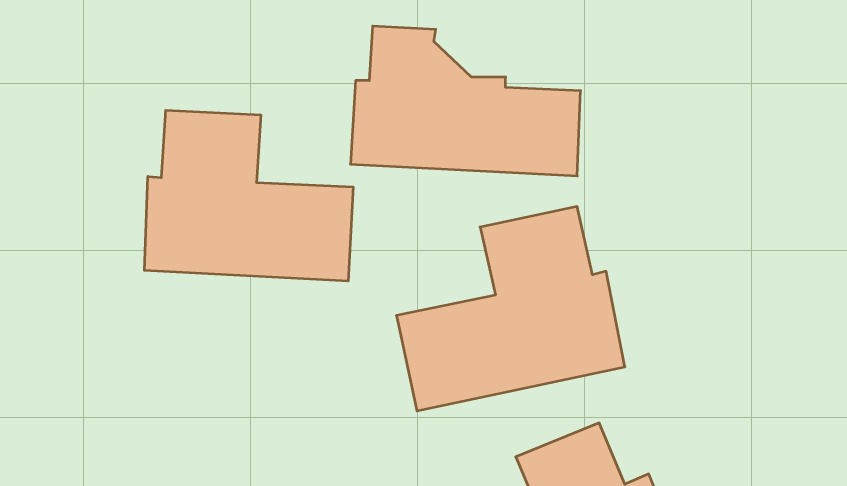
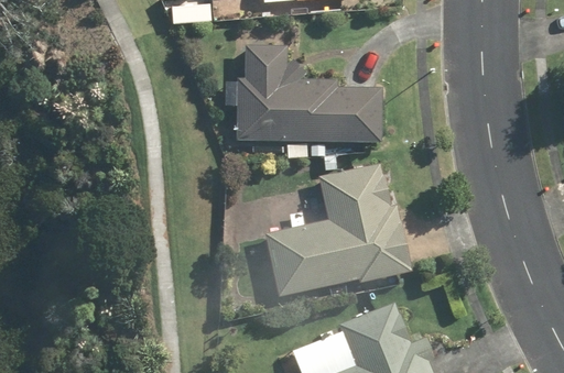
building: [144,110,353,281] -> none

